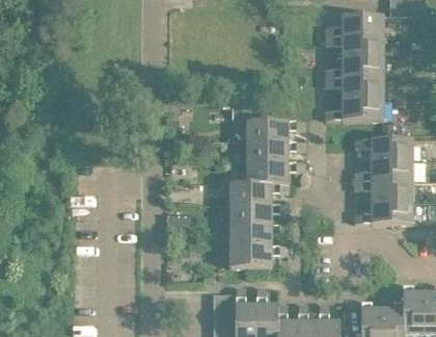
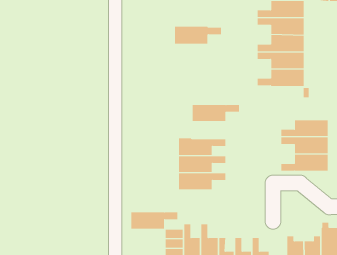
building: [245,119,303,140] -> [174,26,222,44]
building: [353,137,412,159] -> none
building: [245,161,303,182] -> none
building: [228,244,287,265] -> [131,212,178,229]

